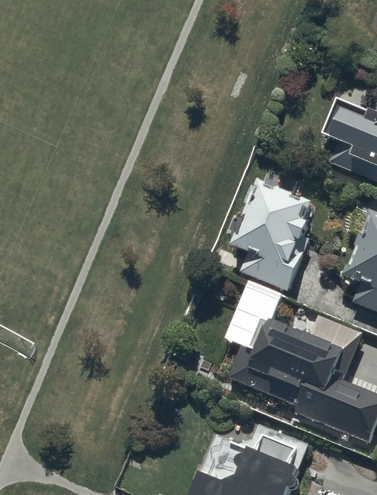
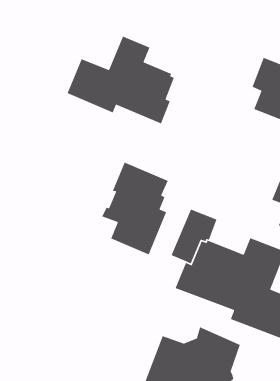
building: none -> [67,36,175,124]
building: [229,178,311,292] -> [101,161,169,255]

